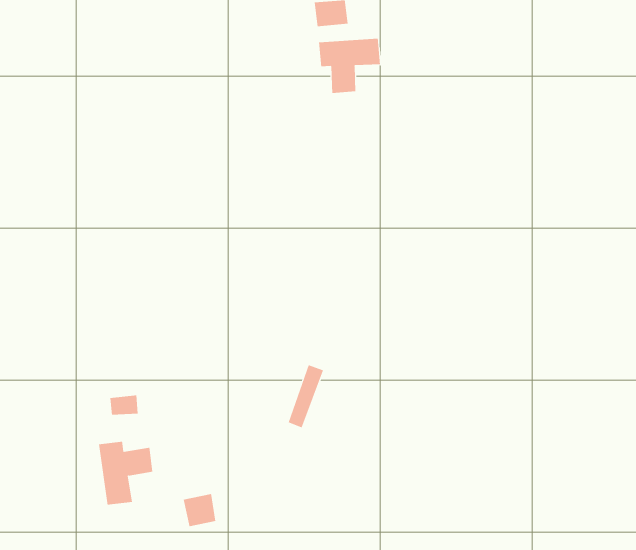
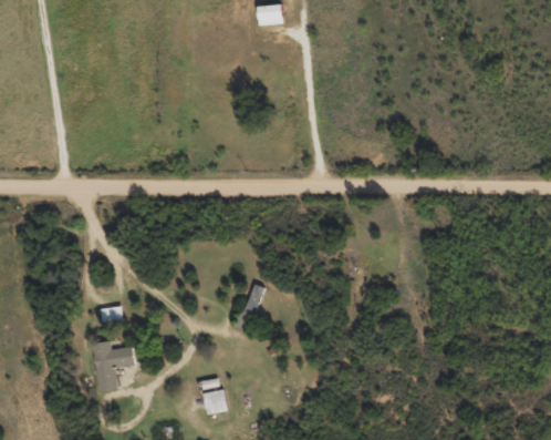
building: [319,38,381,94] -> none
building: [183,494,216,527] -> [202,390,228,416]

